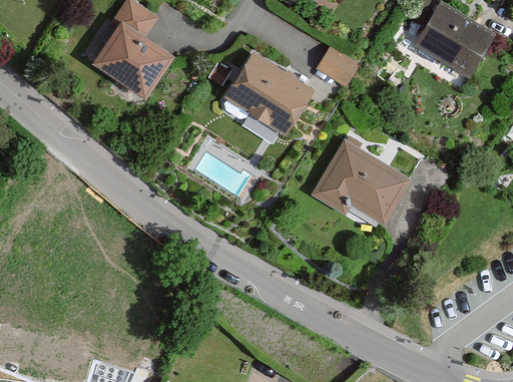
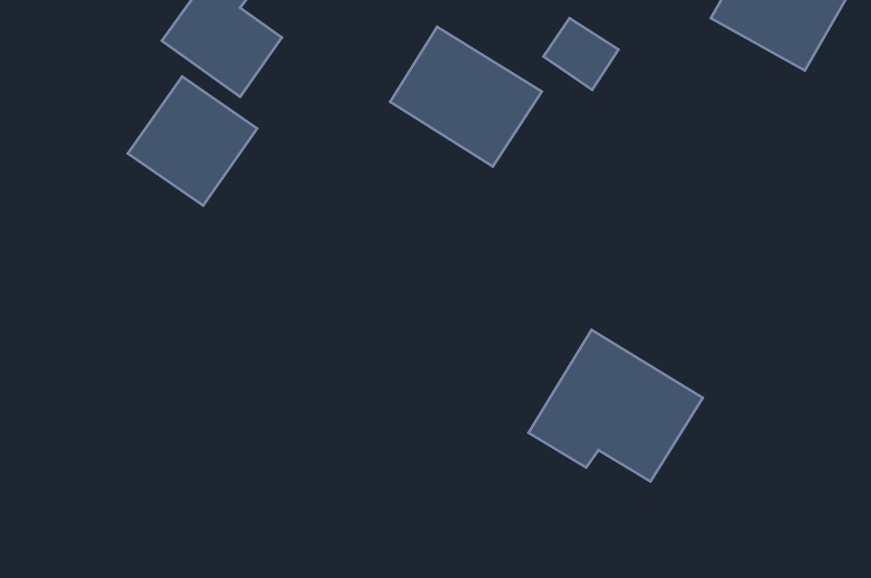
building: none -> [128,77,257,205]
building: [312,138,412,226] -> [529,330,703,482]

